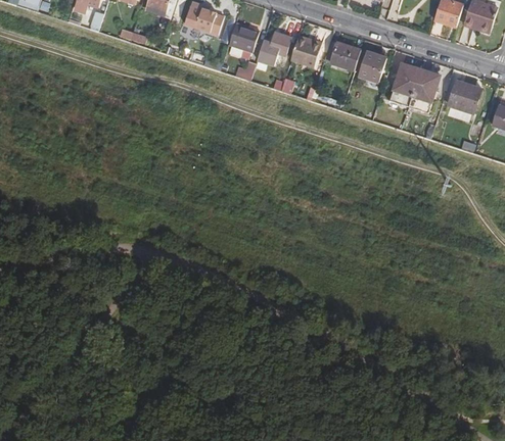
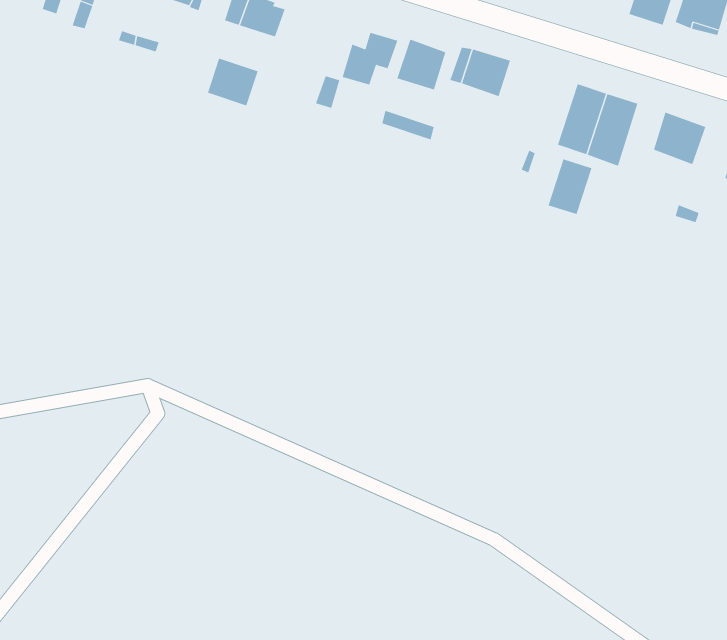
building: [228,22,260,52] -> [207,58,258,106]
building: [358,50,386,79] -> none
building: none -> [548,159,592,215]

